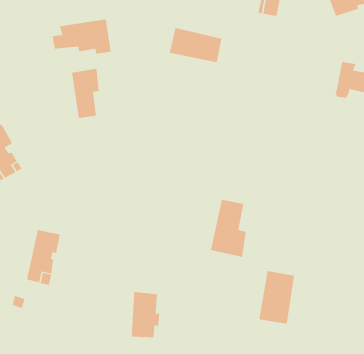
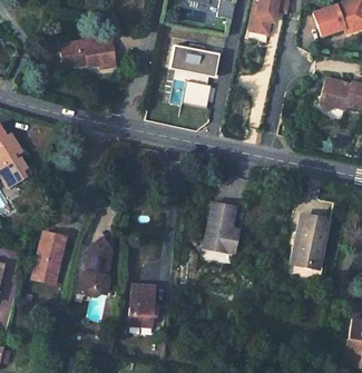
building: none -> [182,82,207,107]
building: [71,68,99,119] -> none
building: none -> [81,236,112,295]
building: [258,271,295,324] -> [294,216,327,265]

